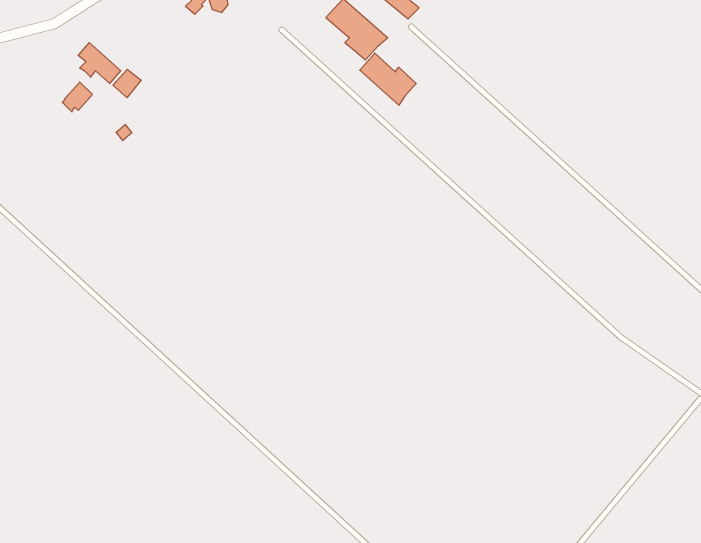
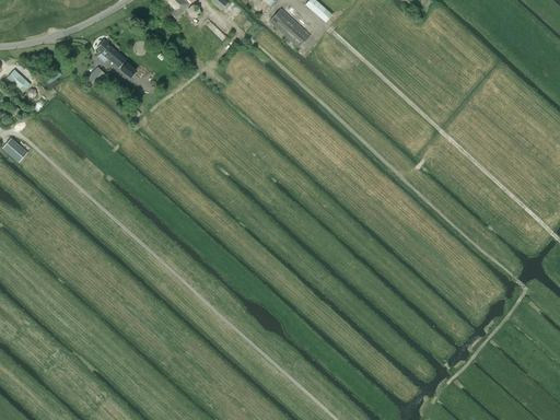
building: [360,53,416,105] -> none

